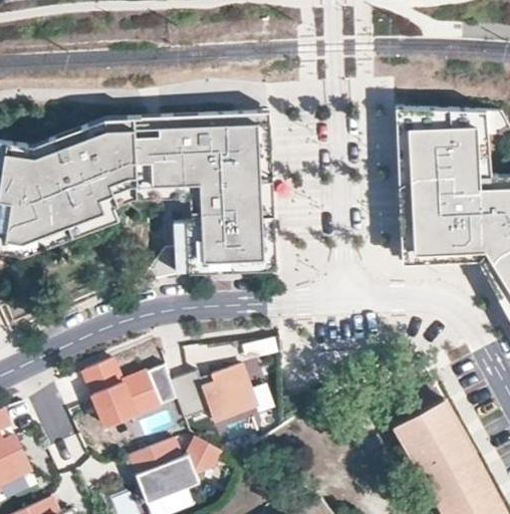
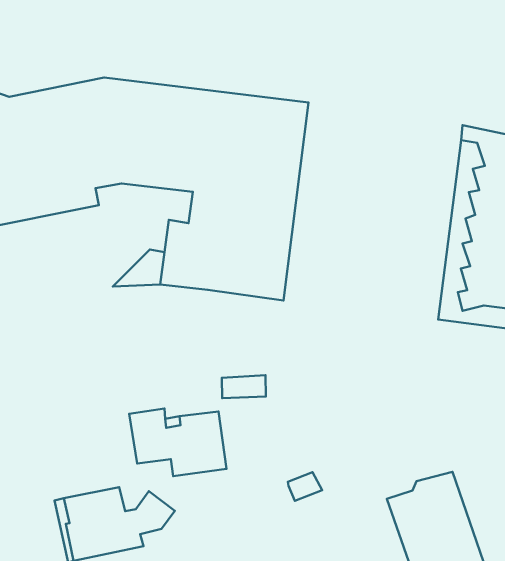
building: [84,359,162,428] -> none

